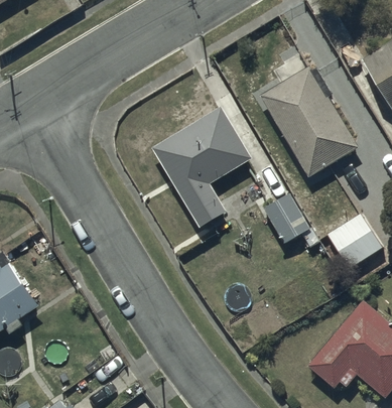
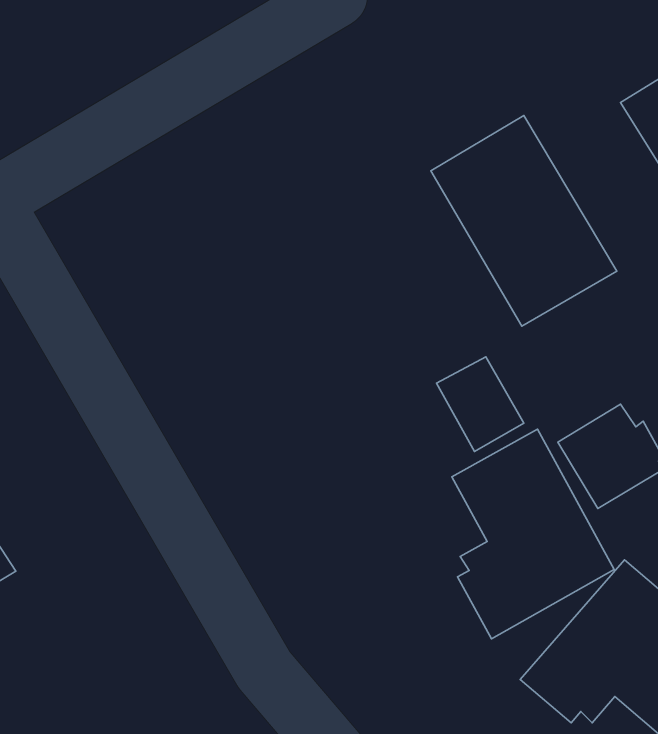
building: [151,105,252,226] -> none
building: none -> [452,429,614,639]

